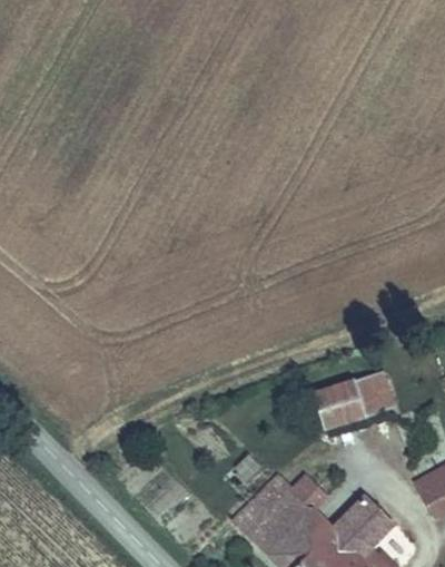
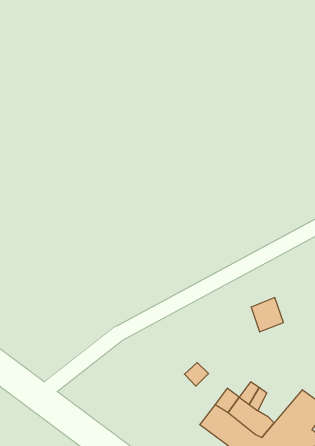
building: [347,382,385,419] -> none

